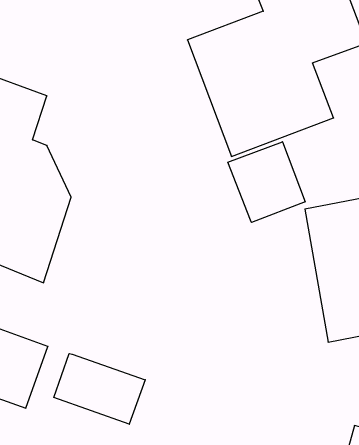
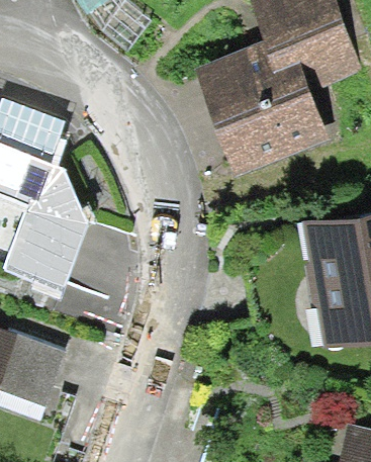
building: [228,142,305,222] -> none
building: [54,354,145,424] -> none

